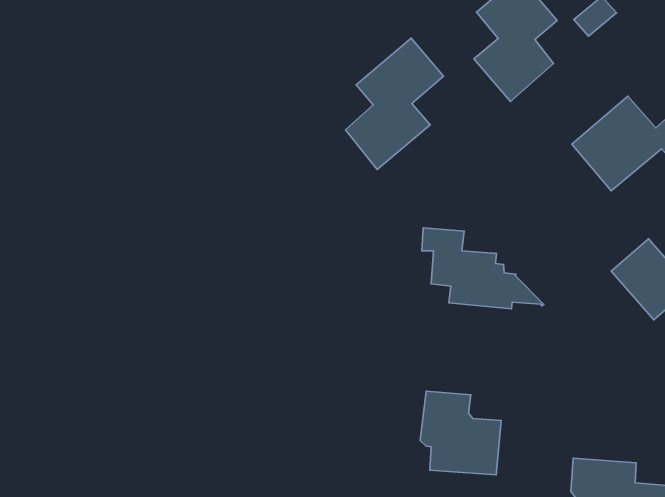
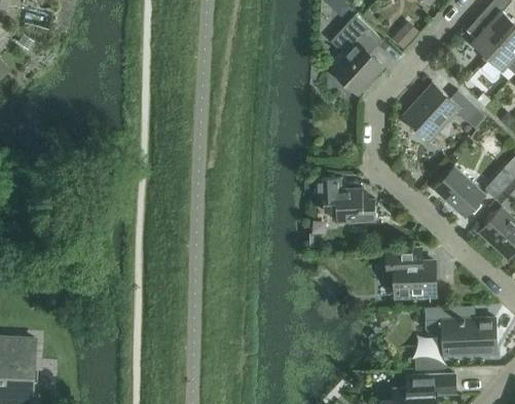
building: [345,38,443,170] -> none
building: [420,391,501,475] -> [387,248,436,297]

